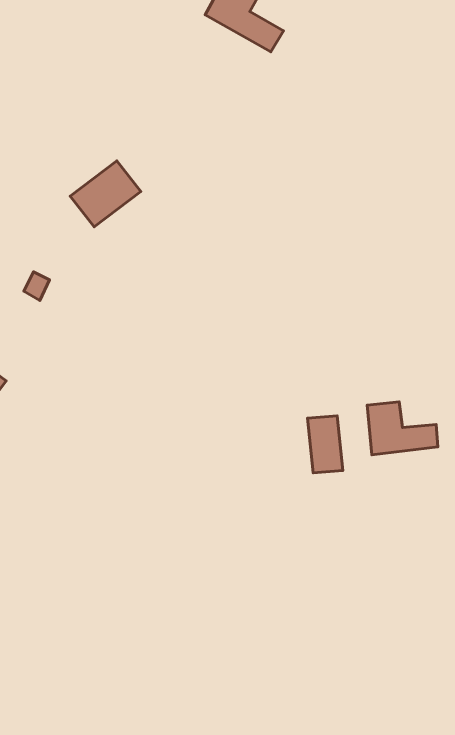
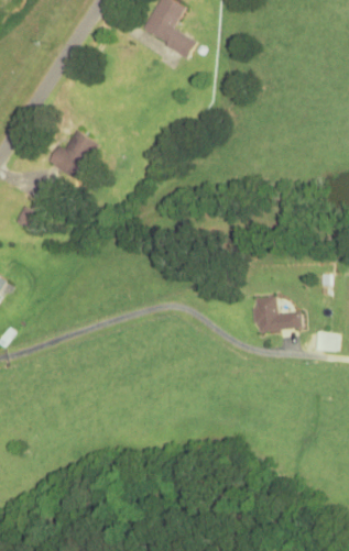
building: [308,416,343,473] -> none

